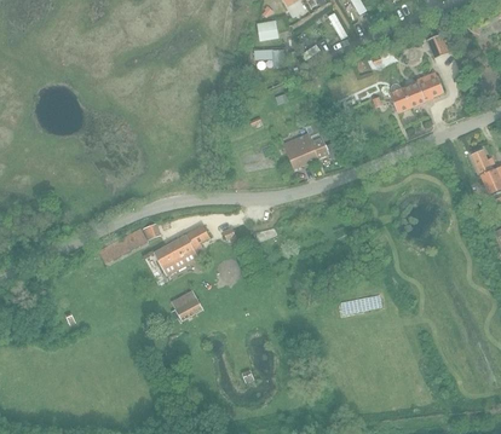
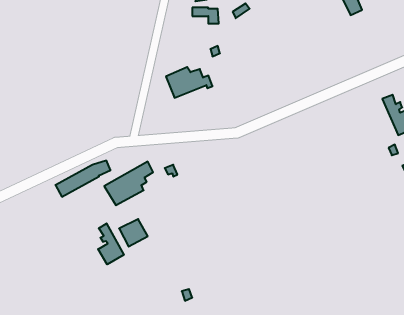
building: [390,75,444,112] -> none
building: [283,132,336,167] -> [166,67,213,98]
building: none -> [98,223,124,264]

